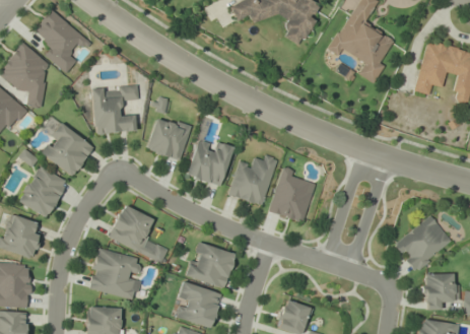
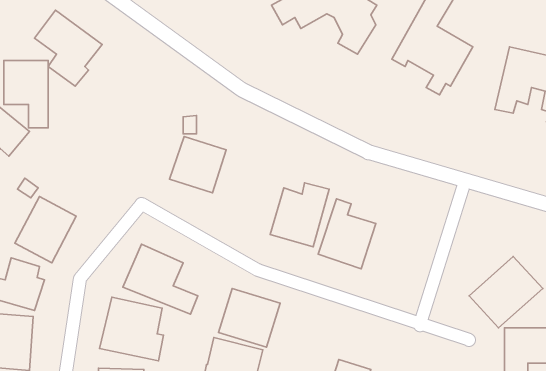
building: [91,85,139,134] -> none
building: [40,123,94,177] -> none
building: [187,137,232,187] -> none

